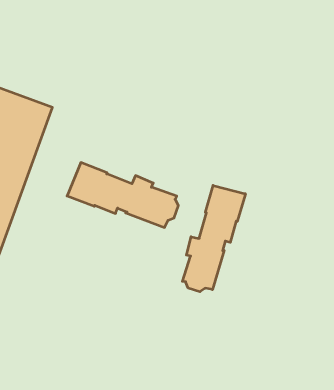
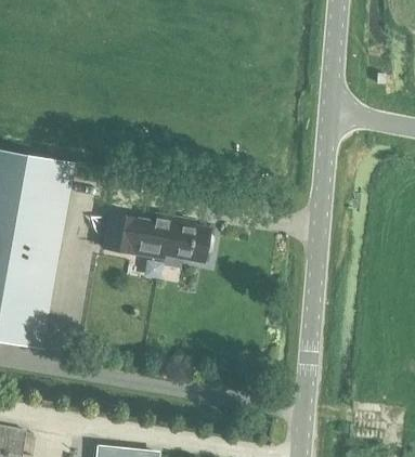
building: [182,185,245,292] -> none

